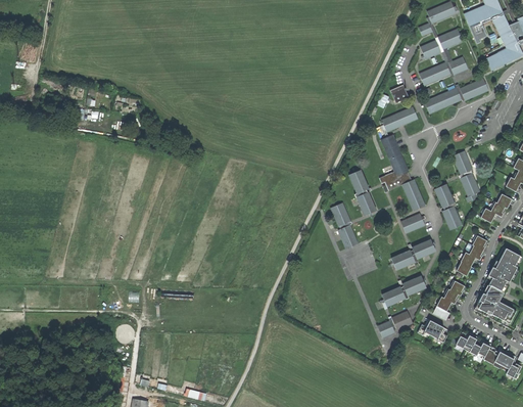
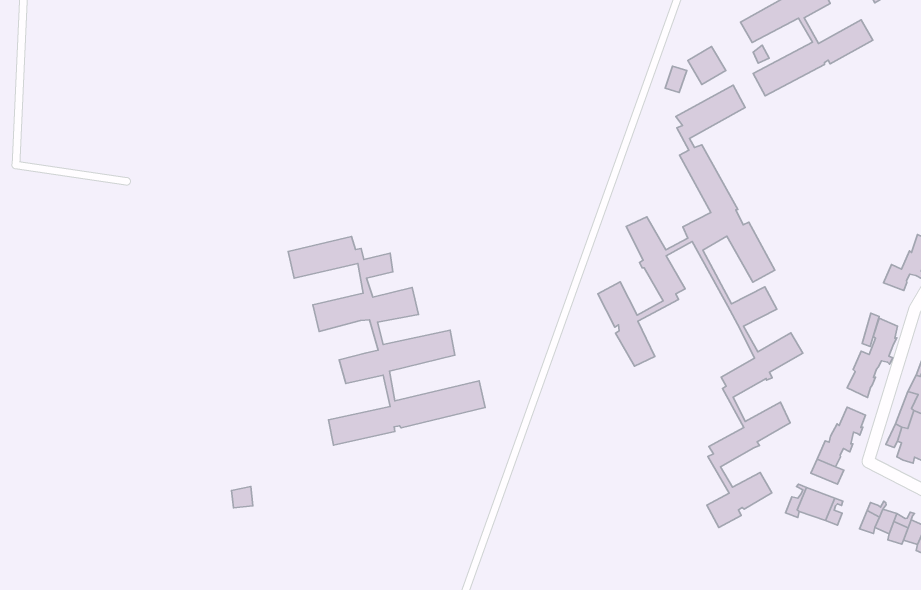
building: [434,149,479,229] -> none
building: none -> [288,237,485,445]

